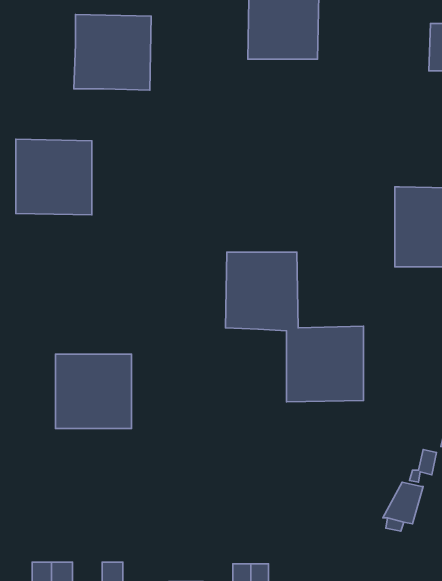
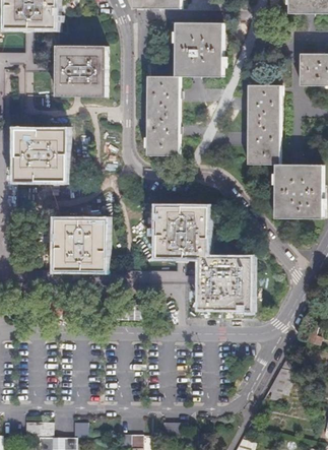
building: none -> [144,74,177,154]
building: none -> [245,83,278,163]
building: [56,354,131,428] -> [56,218,108,269]

